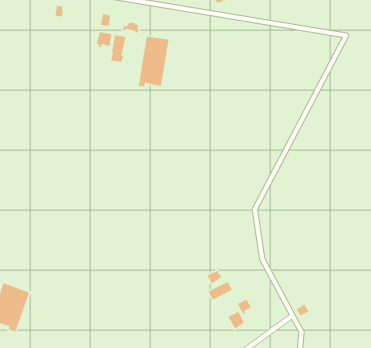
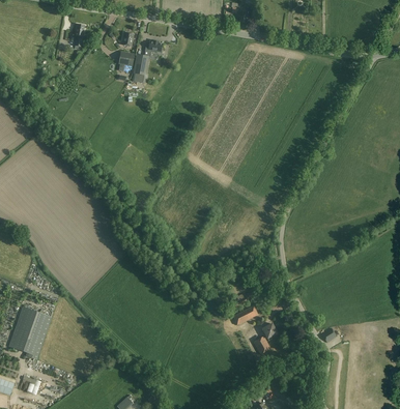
building: [138,36,170,87] -> none

